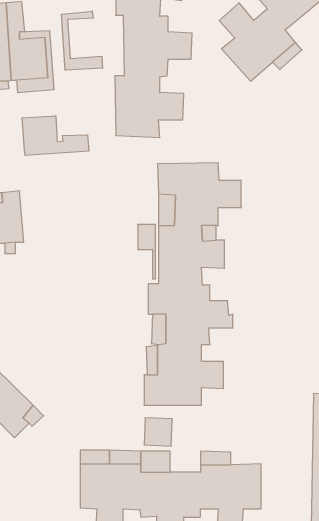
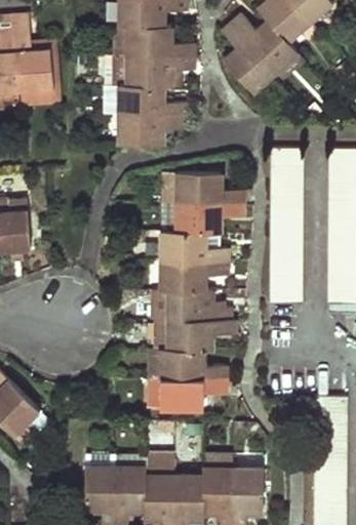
building: [62,11,103,70] -> none
building: [22,116,89,156] -> none
building: none -> [268,149,301,305]

